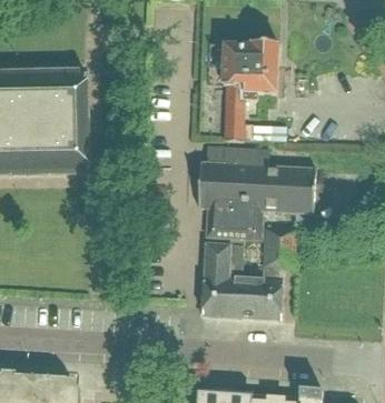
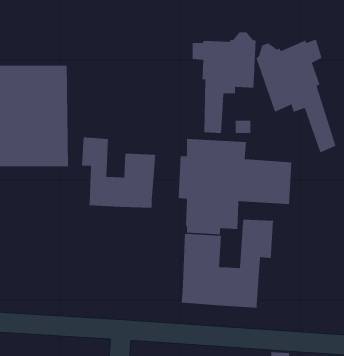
building: none -> [256,38,337,154]
building: none -> [81,136,156,209]

